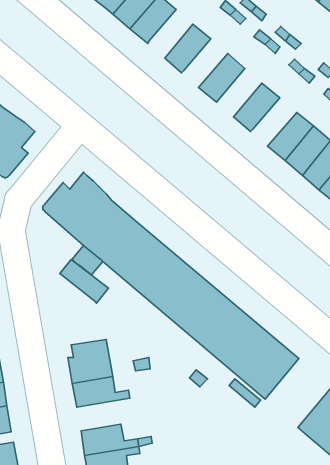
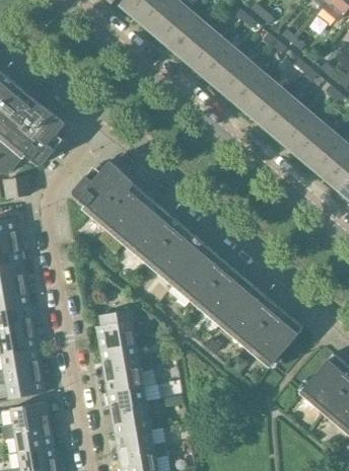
building: none -> [167,15,208,59]
building: none -> [198,42,239,85]
building: none -> [229,68,270,111]
building: none -> [260,94,301,138]
building: [60,260,109,303] -> none
building: none -> [103,364,152,393]

